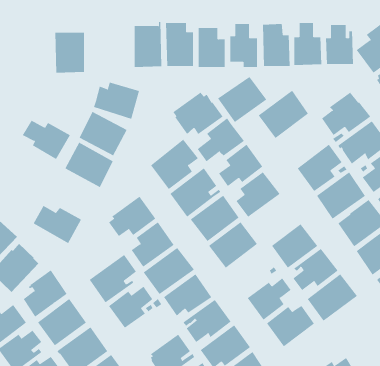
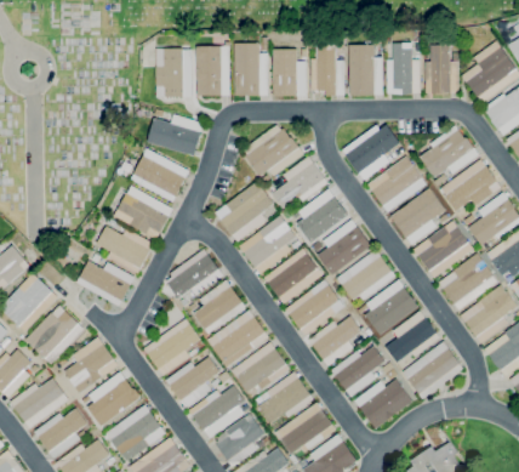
building: [54,32,85,73] -> [155,49,192,97]
building: [217,76,267,123] -> [367,157,427,212]
building: [22,120,71,160] -> [96,226,154,273]
building: none -> [336,249,395,300]
building: none -> [308,315,361,365]
building: none -> [188,385,245,437]

